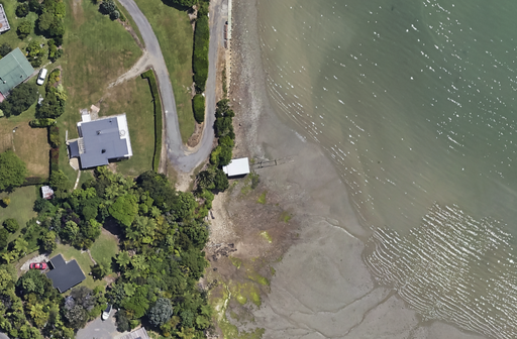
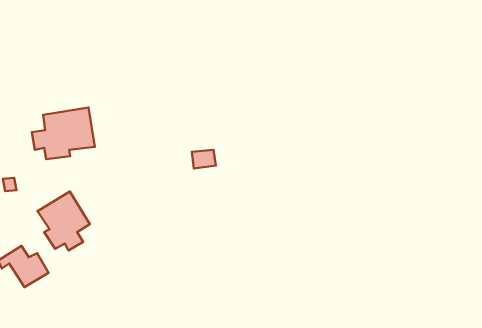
building: none -> [37,191,90,250]

